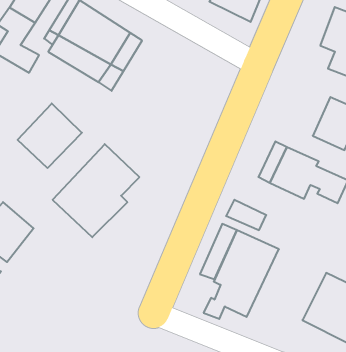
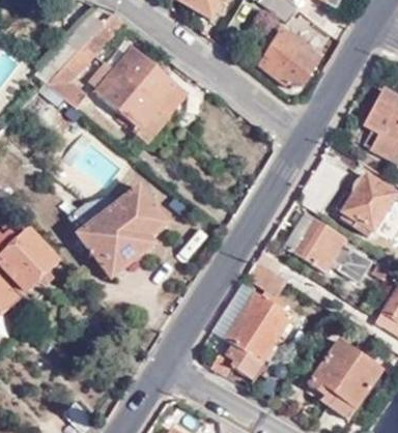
building: [18,103,82,168] -> none

